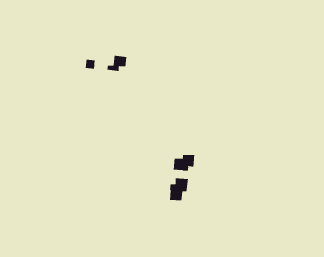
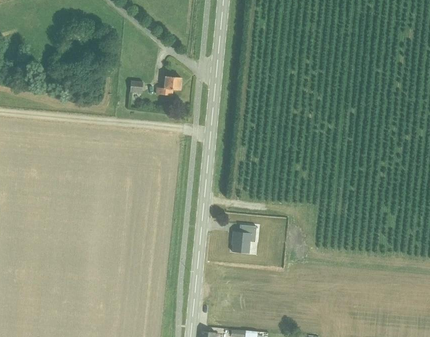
building: [173,154,195,171] -> none

